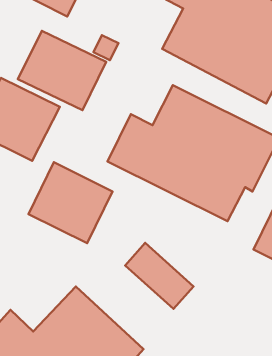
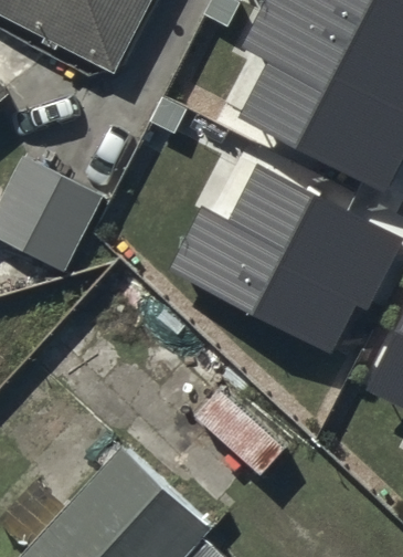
building: [18,31,106,110] -> none
building: [29,162,112,243] -> none

